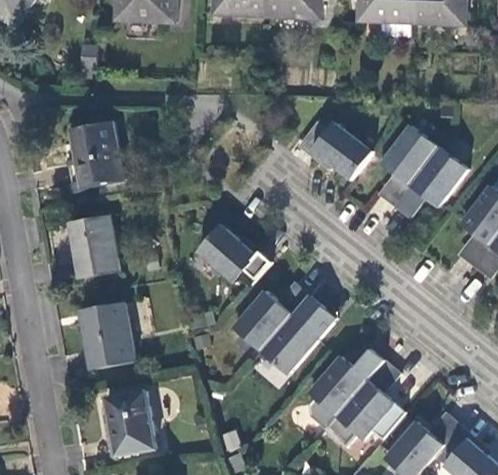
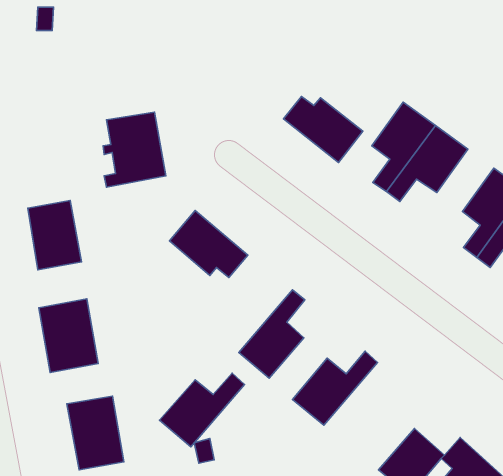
building: [67,123,123,190] -> [103,112,166,187]
building: [232,286,308,352] -> [159,373,244,447]
building: [336,361,395,441] -> none

